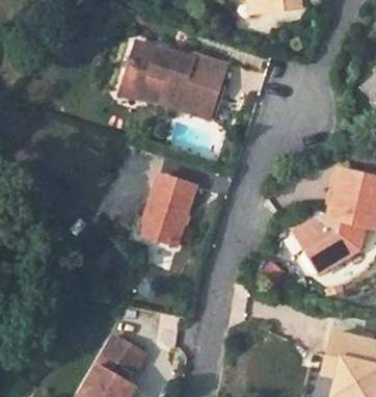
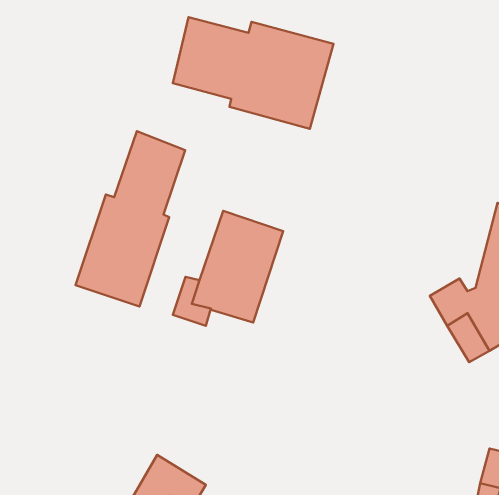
building: none -> [75,131,185,306]

